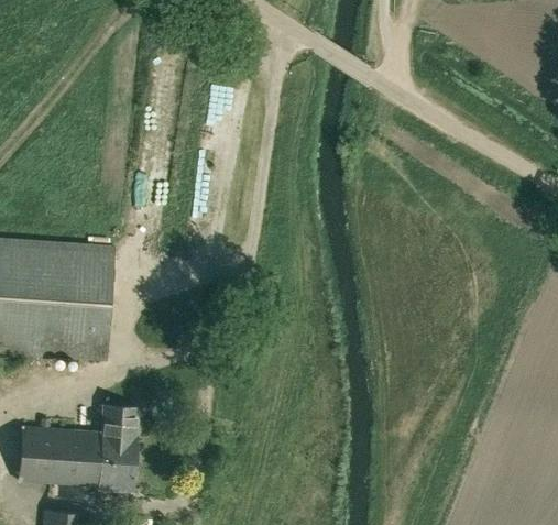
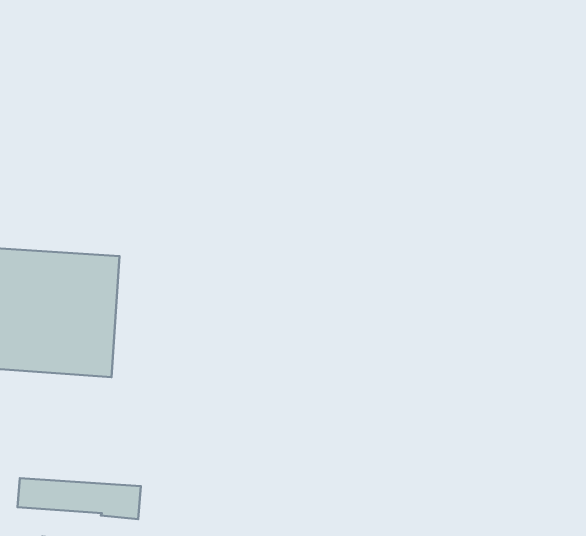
building: [21,404,139,461] -> none

